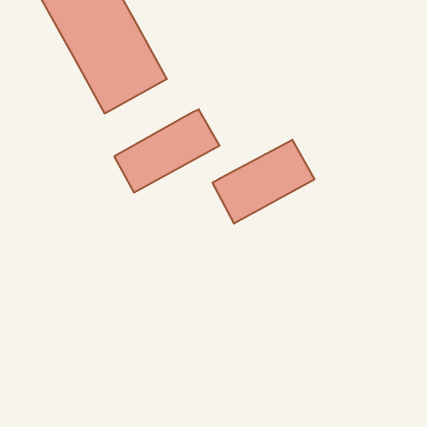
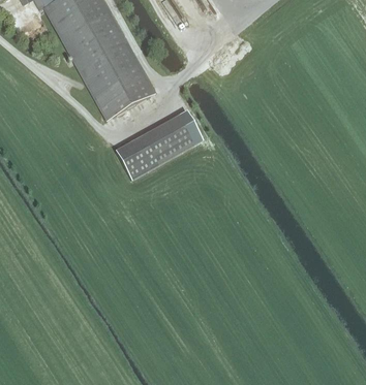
building: [213,140,314,224] -> none

